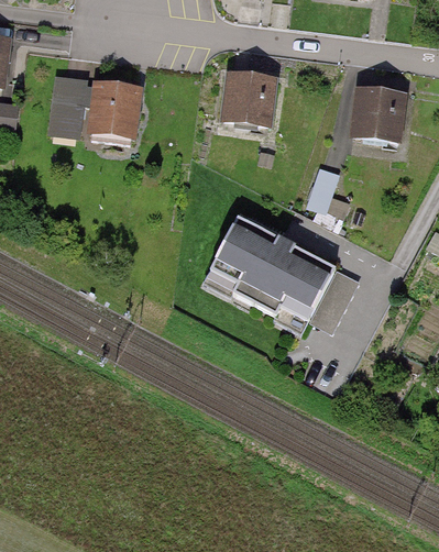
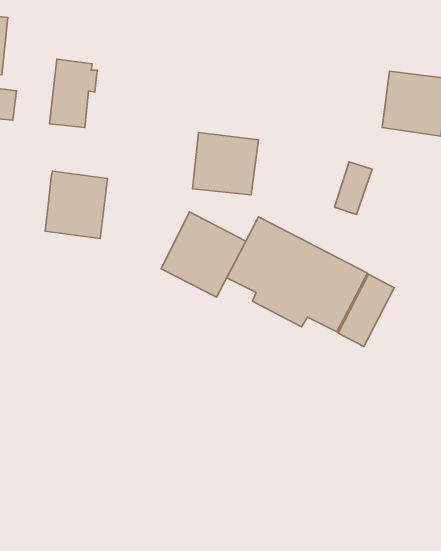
building: [220,70,279,126] -> [192,132,259,195]
building: [87,78,143,139] -> [45,171,108,238]
building: none -> [161,212,246,297]

